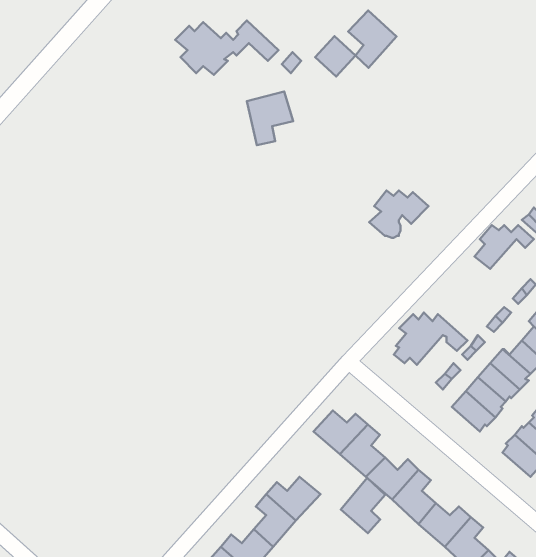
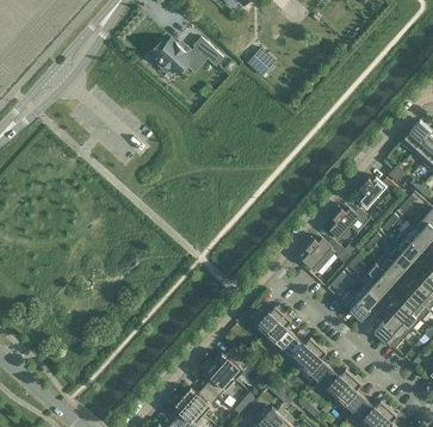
building: [348,11,397,68] -> none
building: [247,92,293,145] -> none
building: [369,191,429,238] -> [328,209,369,241]
building: [341,478,385,533] -> none

